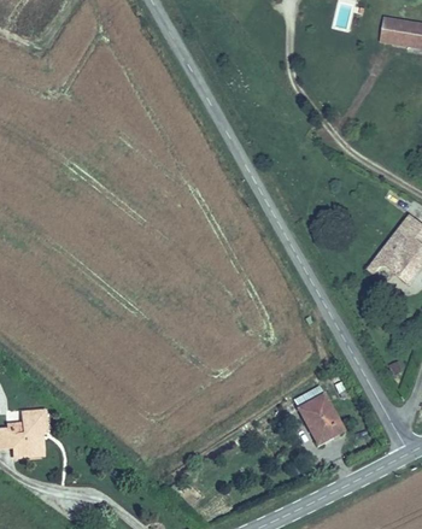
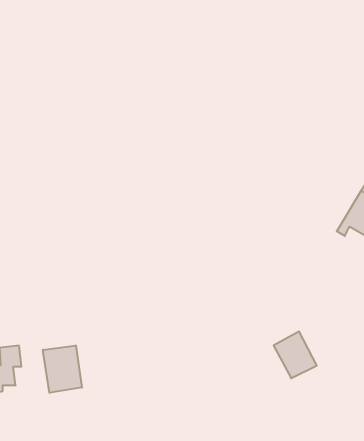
building: none -> [43,345,82,393]

